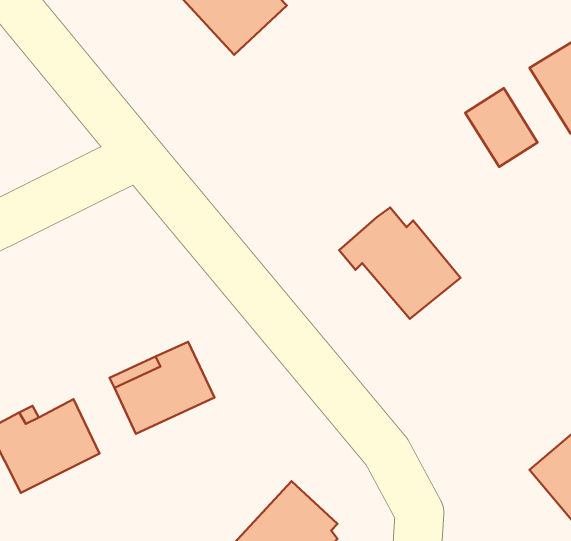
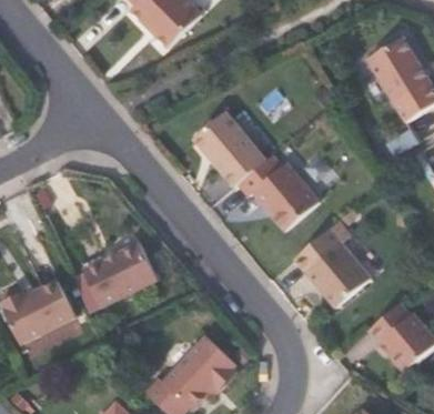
building: [465,88,538,167] -> none
building: none -> [190,111,262,185]
building: none -> [292,221,369,306]

